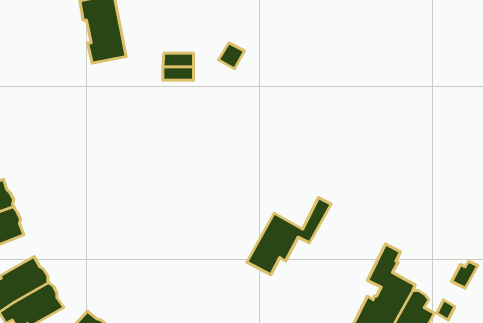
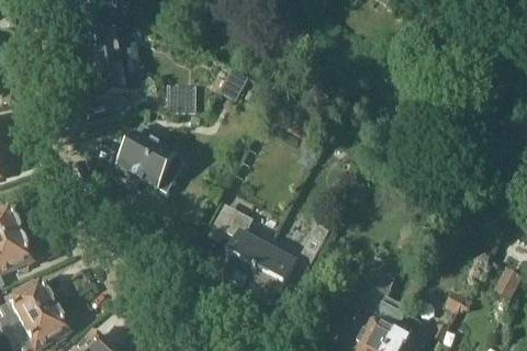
building: none -> [117,125,175,193]
building: none -> [222,208,272,286]

